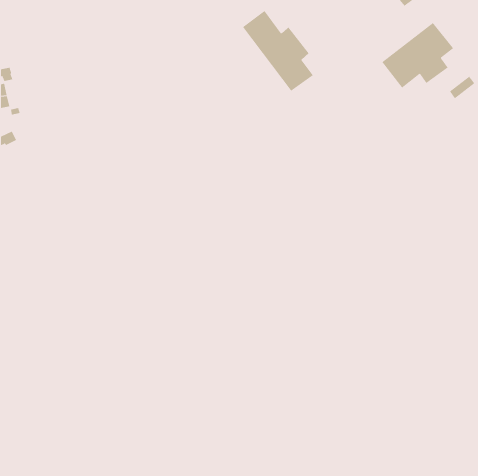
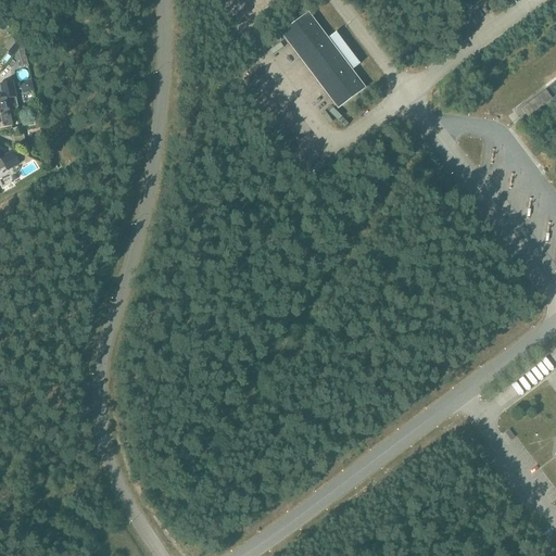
building: [382,22,454,88] -> none

